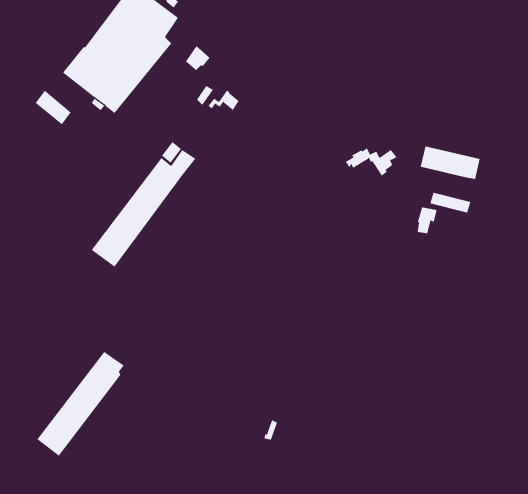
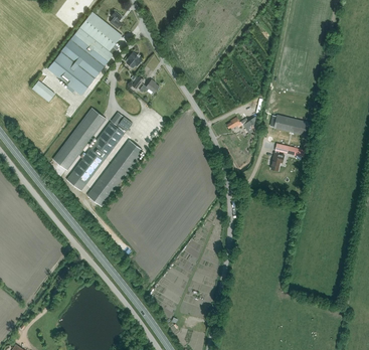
building: none -> [53,108,107,170]
building: [37,351,125,457] -> [87,140,143,206]

